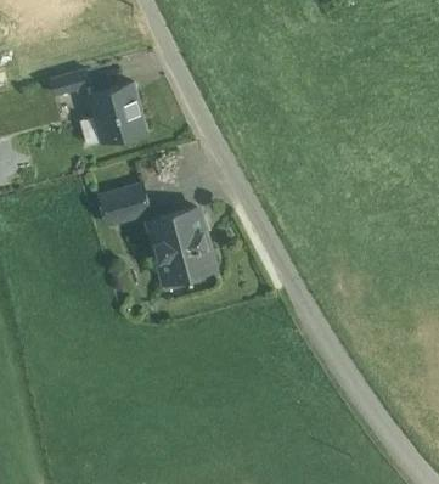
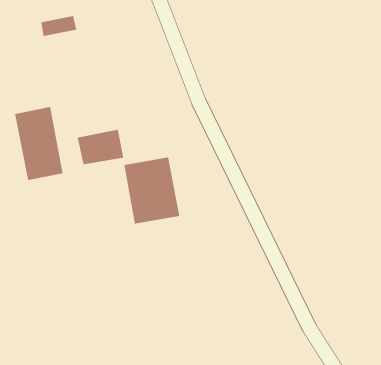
building: [88,84,146,142] -> none
building: none -> [15,106,63,181]

